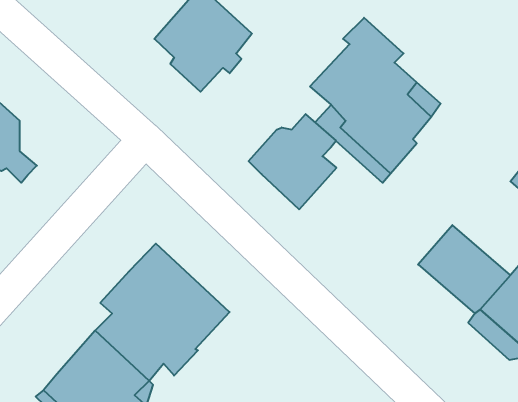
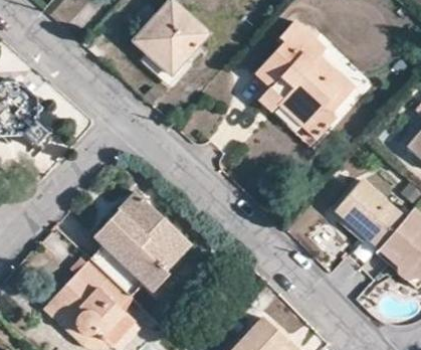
building: [249,114,336,209] -> none

